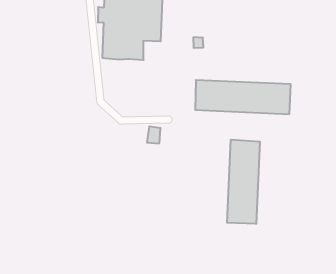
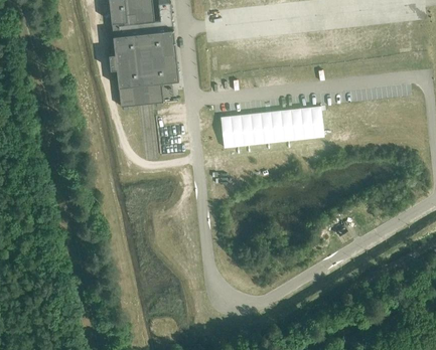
building: [227,140,260,224] -> none

